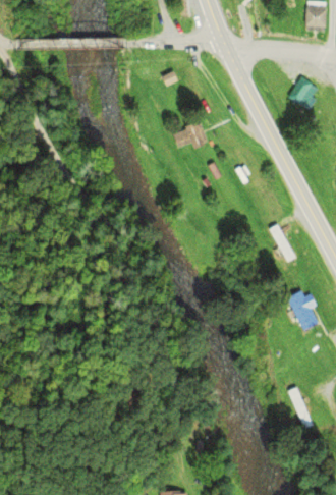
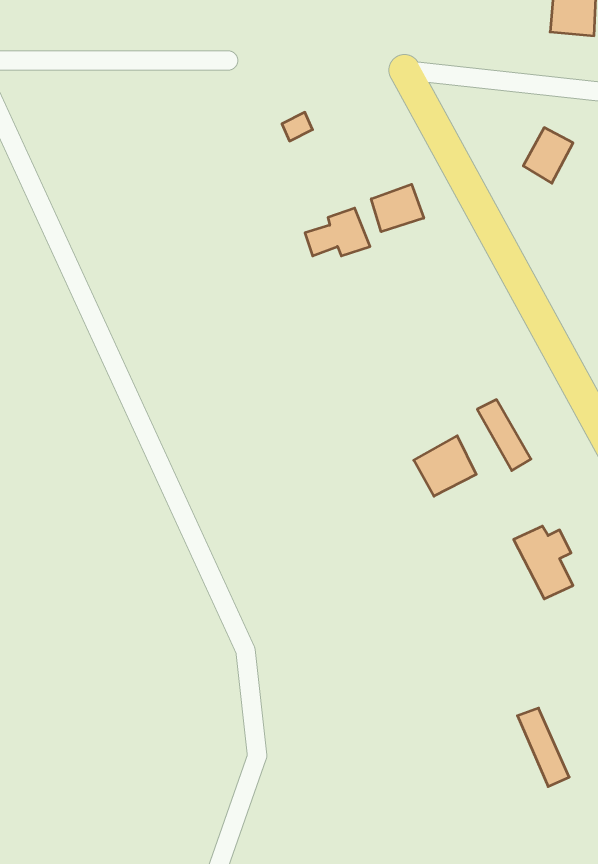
building: none -> [371,184,424,232]
building: none -> [414,436,476,496]

